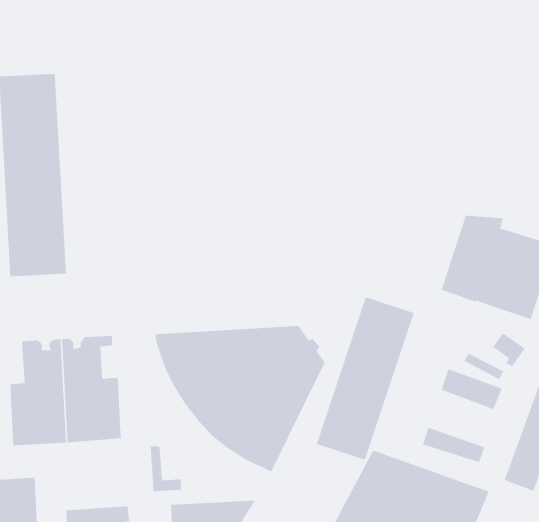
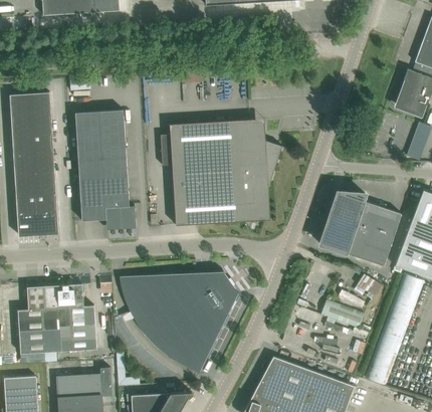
building: none -> [75,110,135,227]
building: none -> [160,120,282,225]
building: [316,297,414,460] -> none
building: none -> [56,368,113,399]

